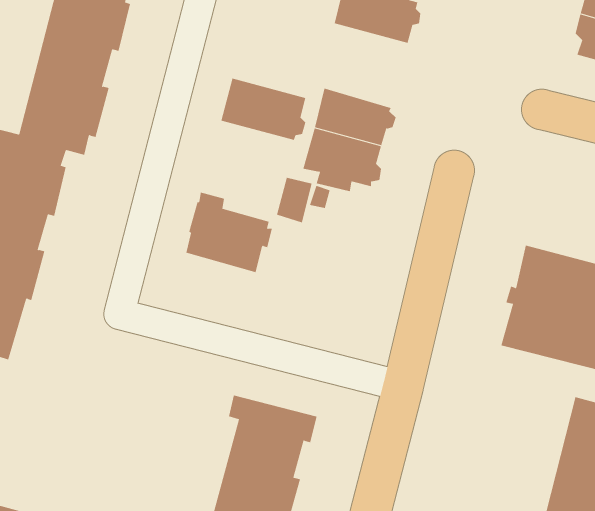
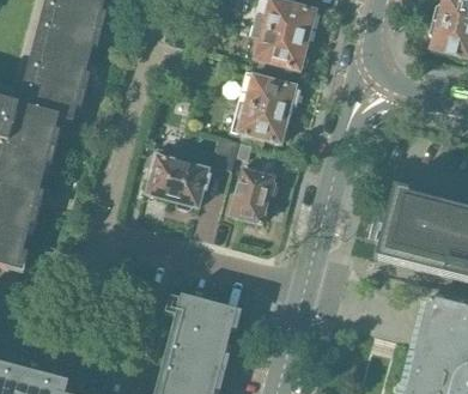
building: [220,78,306,141] -> [245,22,308,67]
building: none -> [230,162,274,219]

